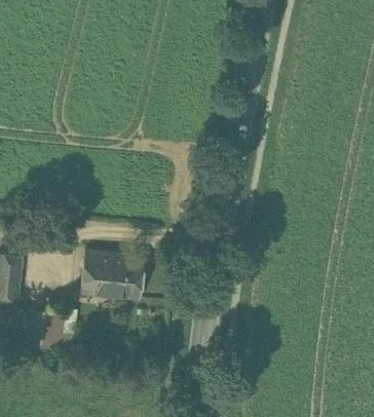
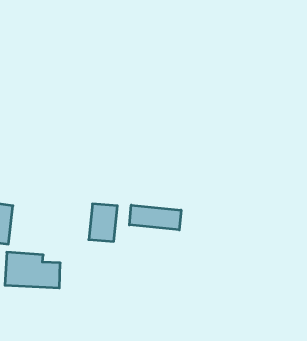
building: [82,253,113,297] -> none
building: none -> [129,205,181,230]

